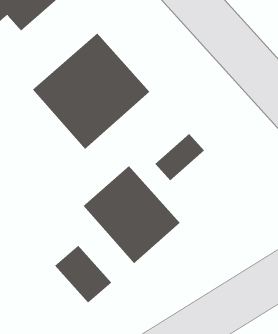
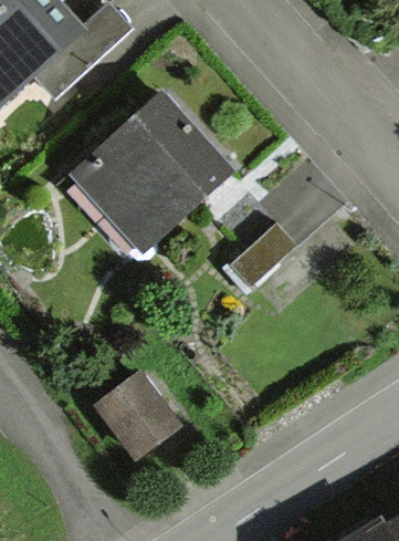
building: [82,165,180,264] -> none

